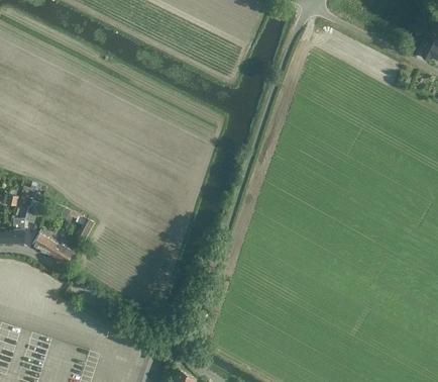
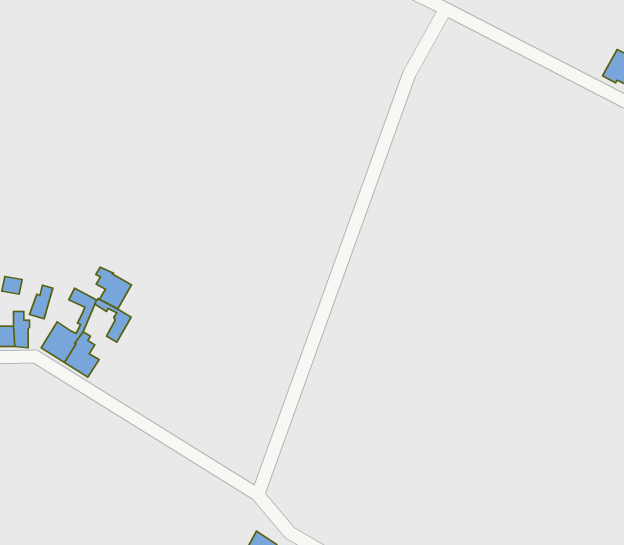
building: none -> [96,267,131,309]

